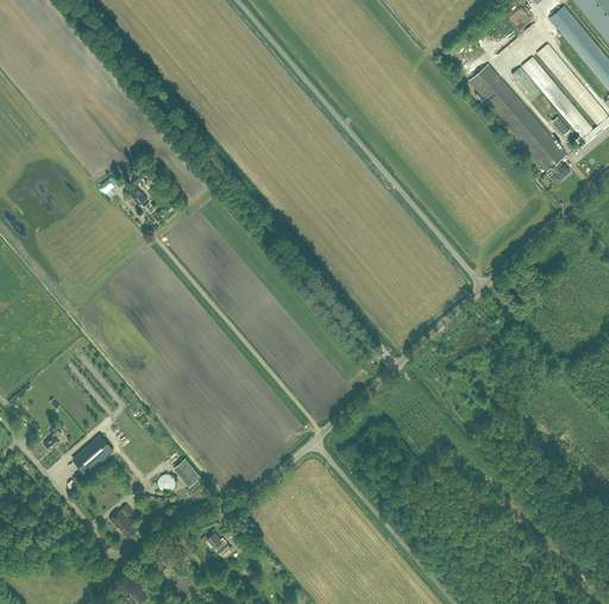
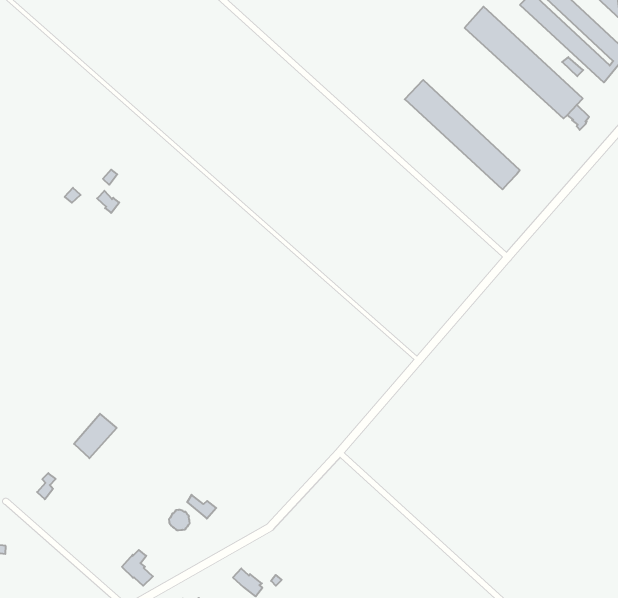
building: none -> [405,80,520,189]
building: [74,435,113,473] -> [74,414,117,458]

